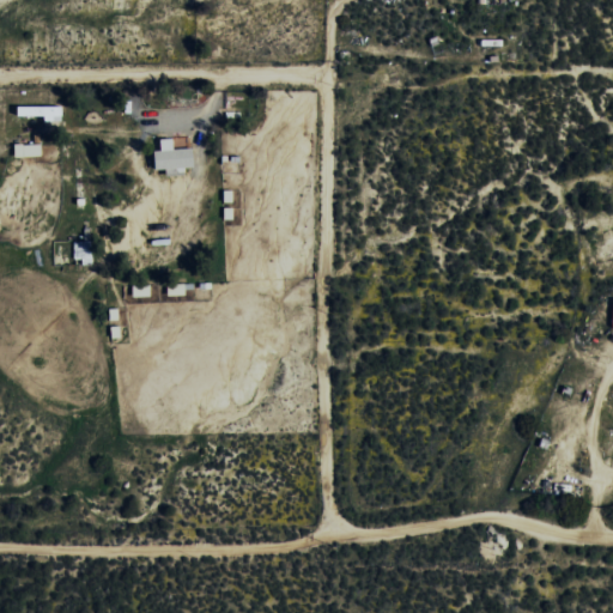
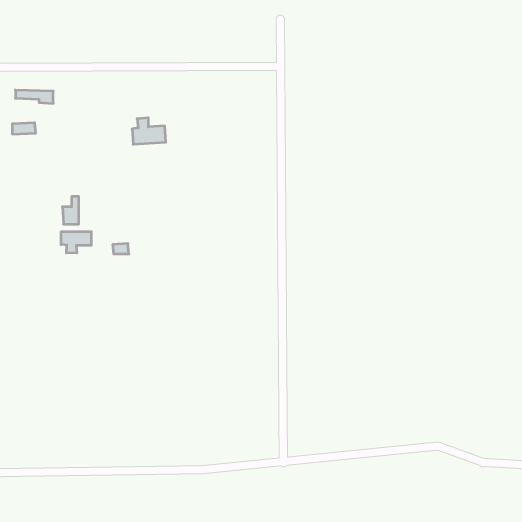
building: none -> [61,232,91,253]

